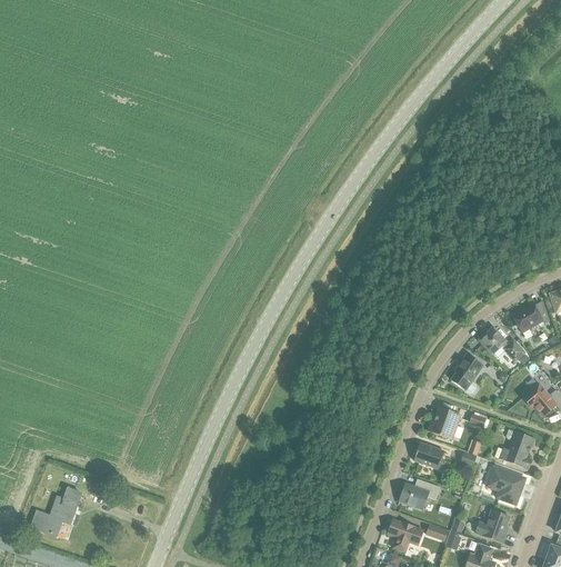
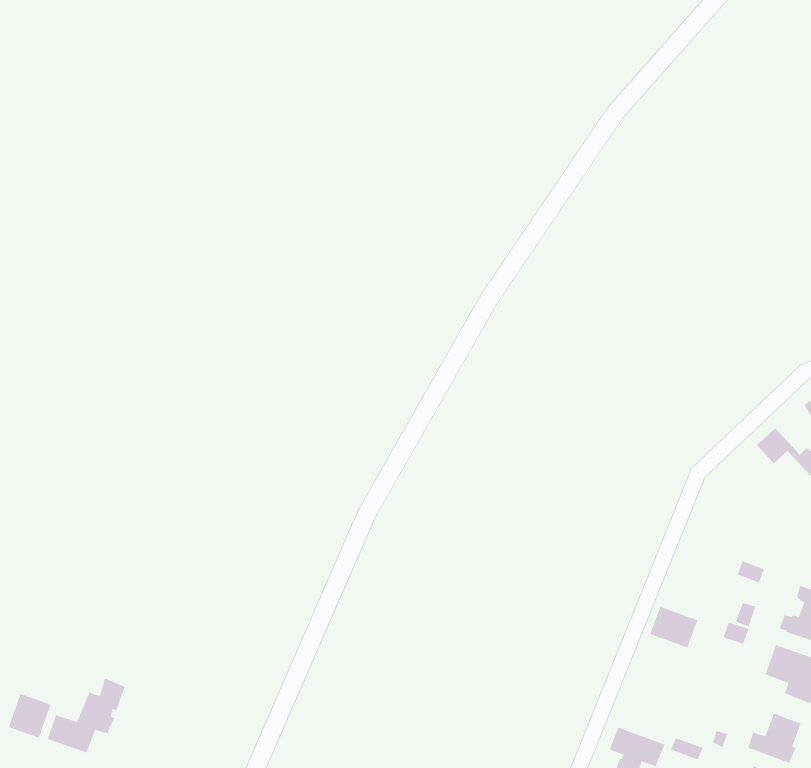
building: [451,352,483,391] -> none
building: [428,406,461,439] -> none
building: [400,479,440,508] -> none
building: none -> [8,693,51,738]

